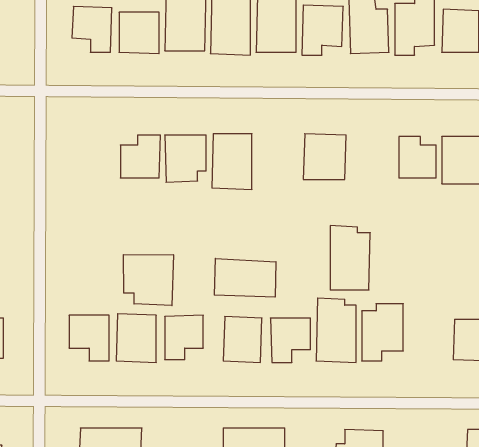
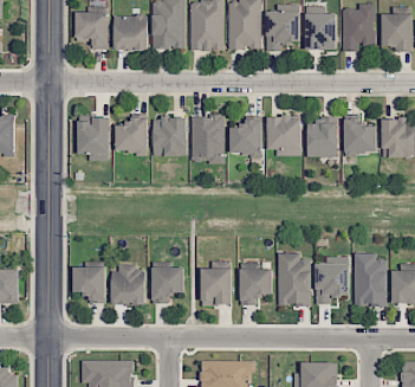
building: none -> [78,116,109,160]
building: none -> [306,118,337,156]
building: none -> [228,120,261,155]
building: [330,226,370,290] -> [354,252,387,305]
building: [124,255,173,306] -> none
building: [214,258,276,297] -> none

